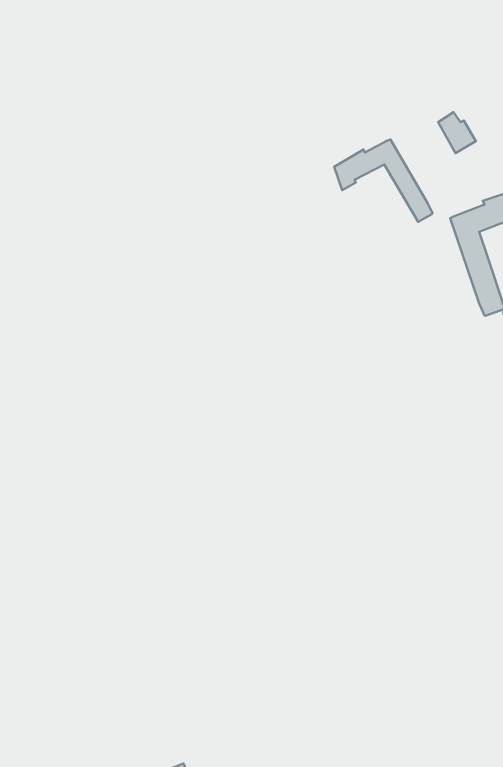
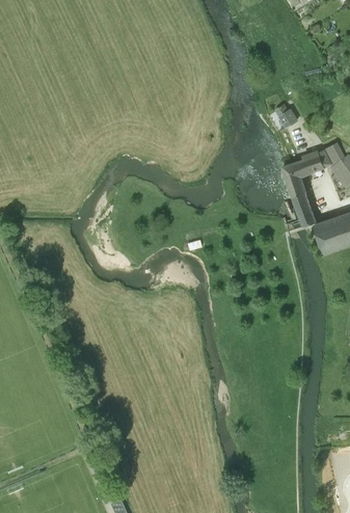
building: [334,139,433,222] -> none

